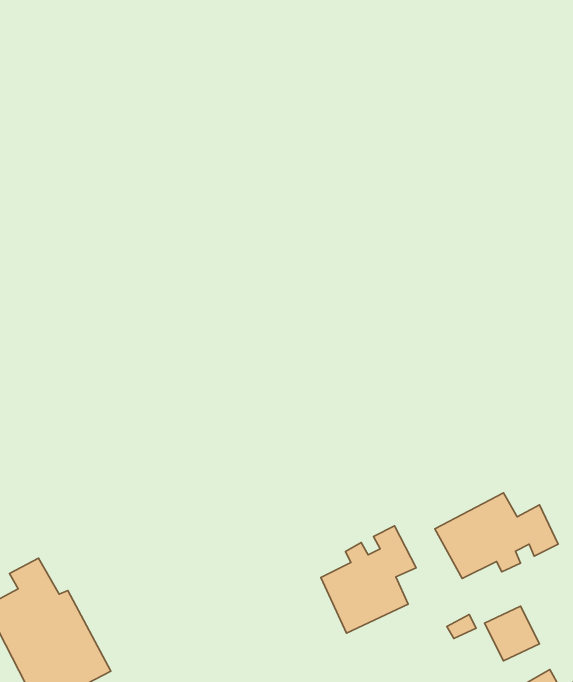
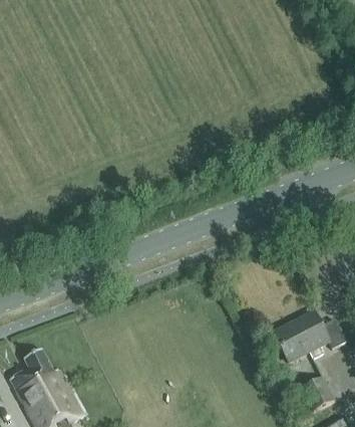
building: [321,526,416,633] -> none

